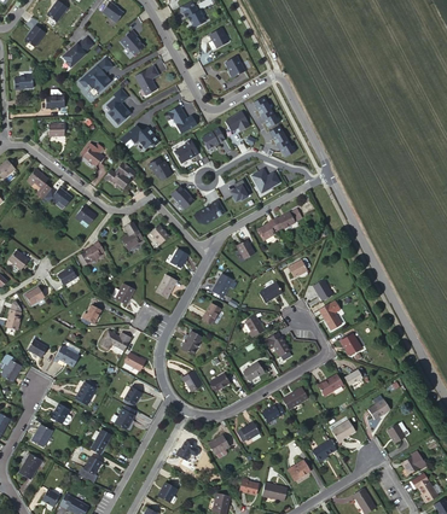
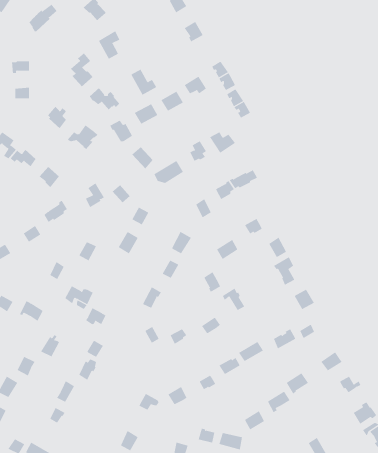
building: [80,58,112,97] -> none

